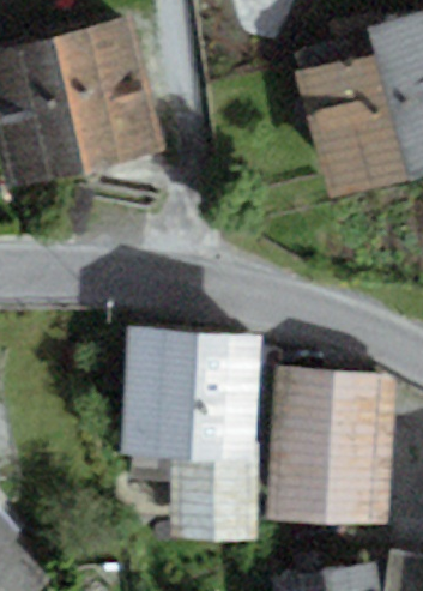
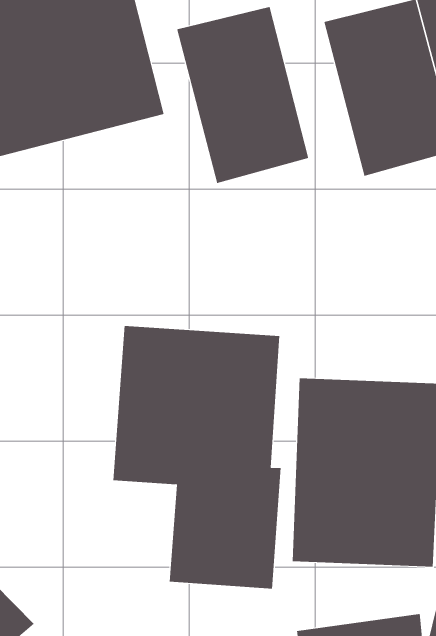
building: none -> [176,6,309,184]

